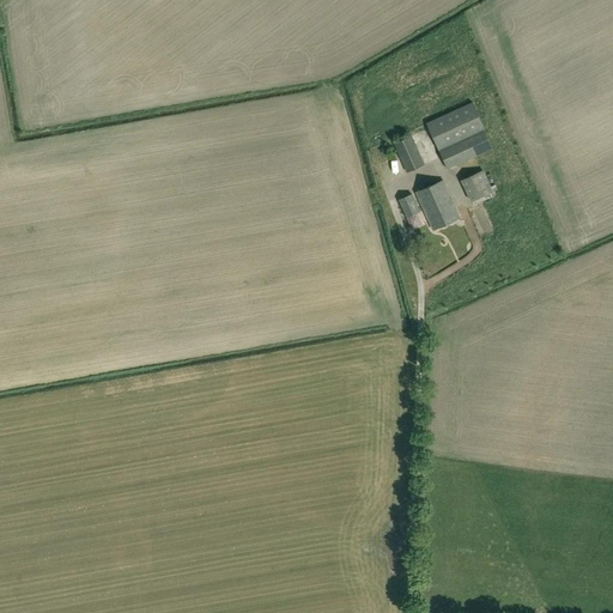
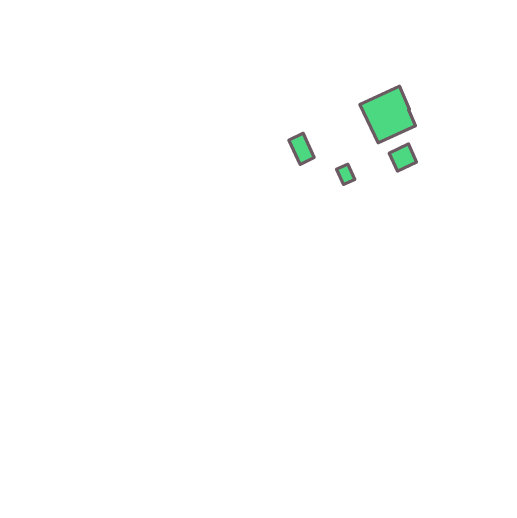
building: [393,135,423,172] -> [289,133,314,165]
building: [415,181,459,229] -> none

